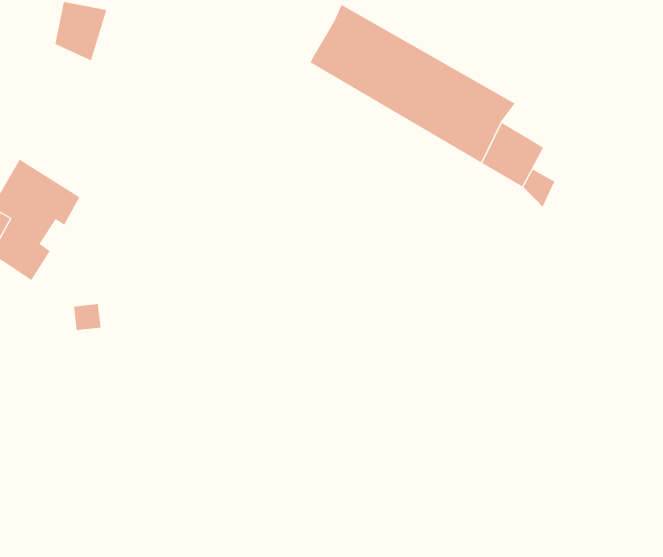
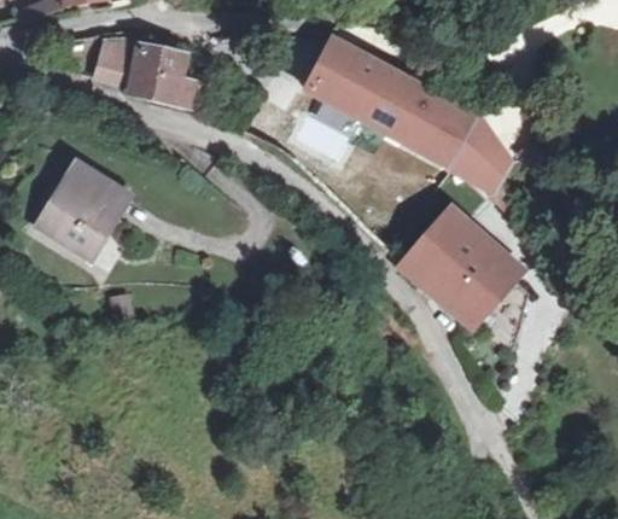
building: none -> [129,42,196,107]
building: none -> [404,212,514,319]

